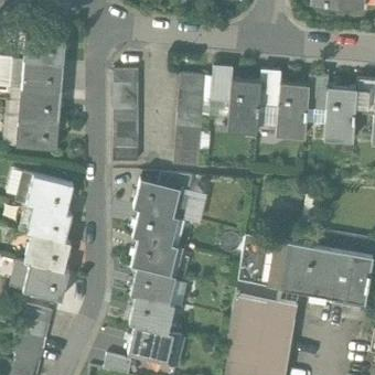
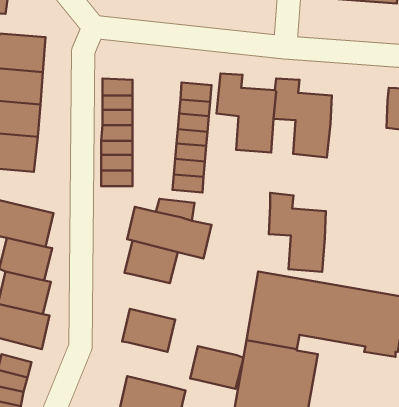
building: [308,74,356,141] -> [269,193,326,272]
building: [131,237,176,275] -> none
building: [129,296,174,332] -> [190,346,243,389]

